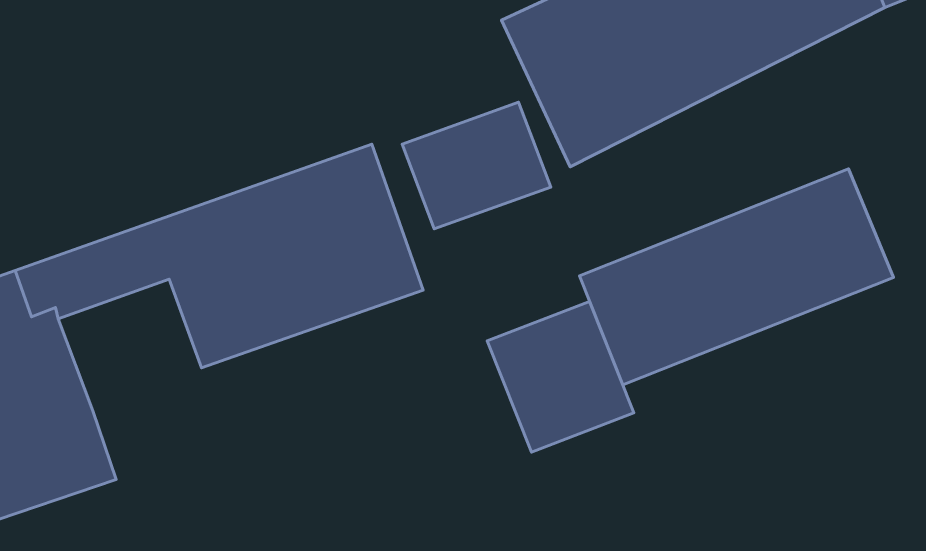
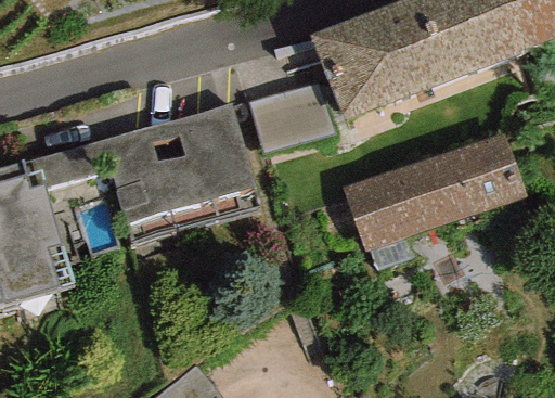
building: [487,302,634,452] -> none

